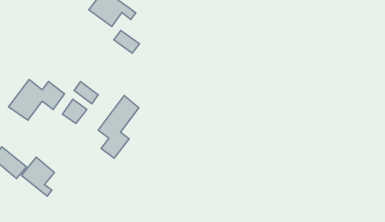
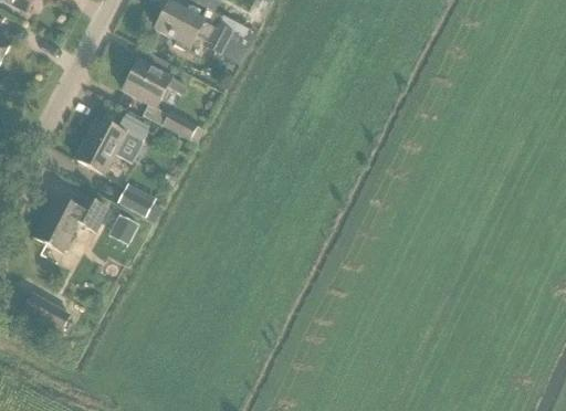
building: none -> [76,116,148,173]
building: [98,96,139,158] -> none
building: [21,157,54,196] -> none

